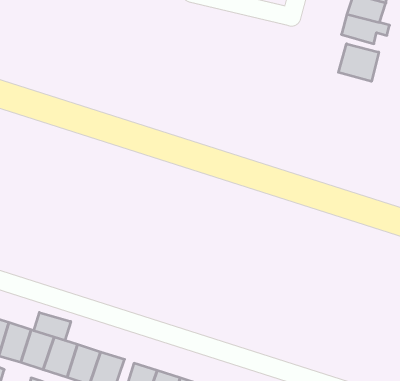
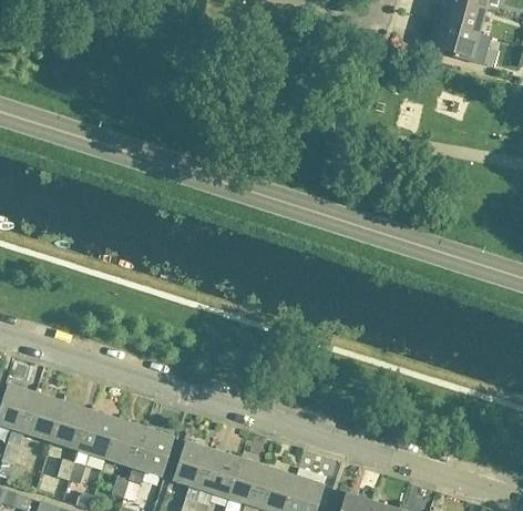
building: [338,44,379,81] -> none
building: [34,312,71,340] -> none

